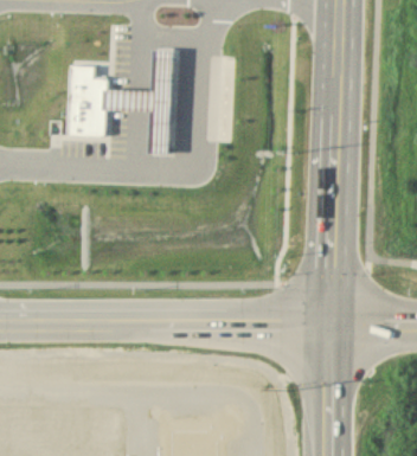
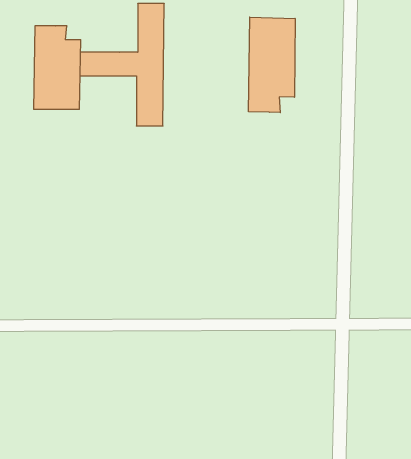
building: none -> [249,17,295,113]

